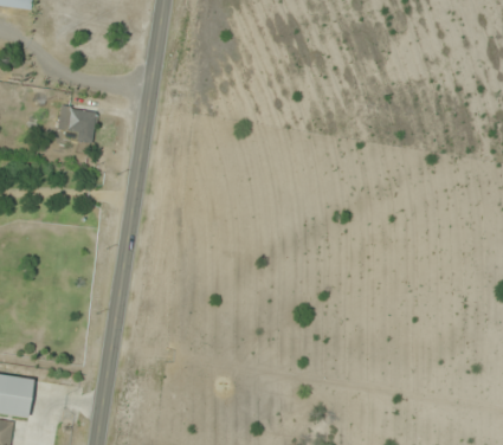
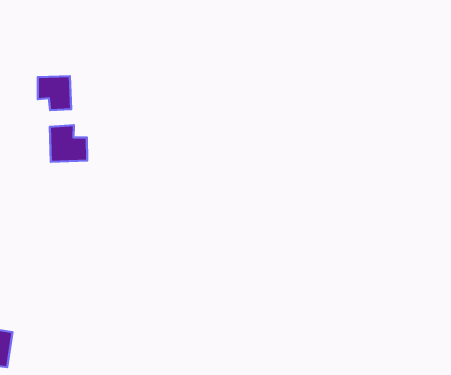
building: none -> [50,125,87,162]

